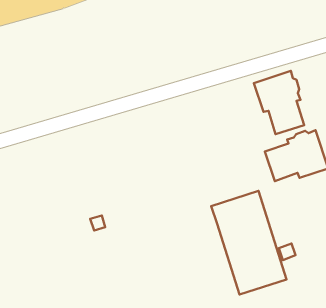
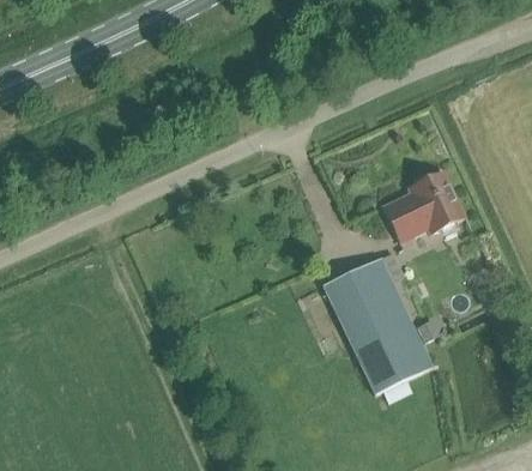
building: [254,71,304,134] -> none

